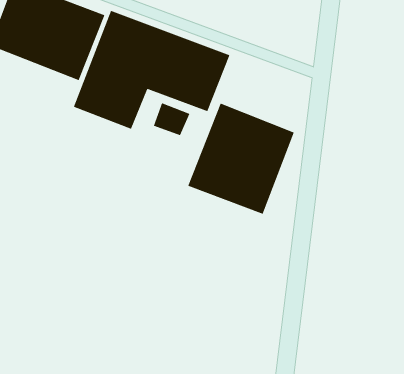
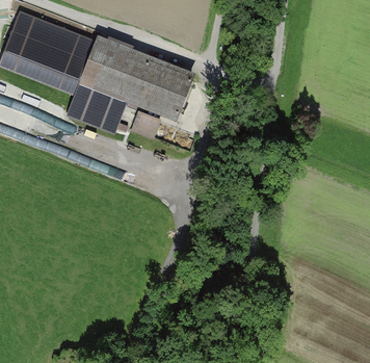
building: [187,103,295,215] -> none

